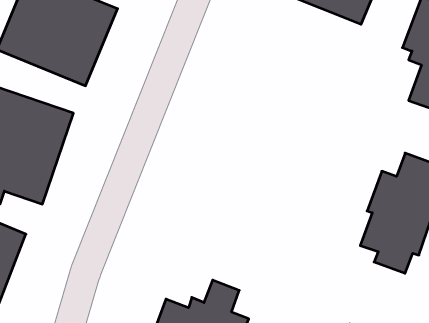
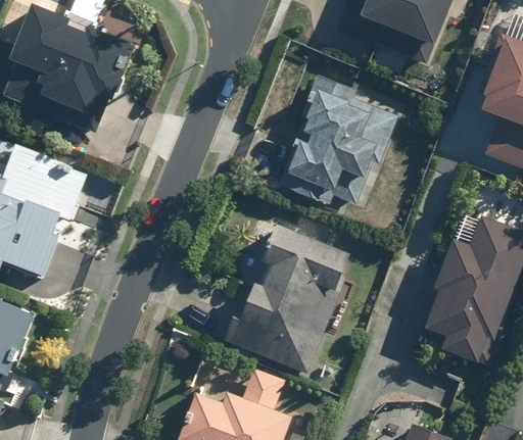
building: none -> [278,76,396,206]
building: none -> [222,223,354,375]

